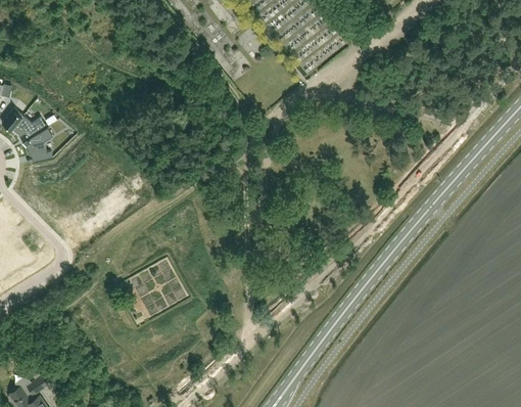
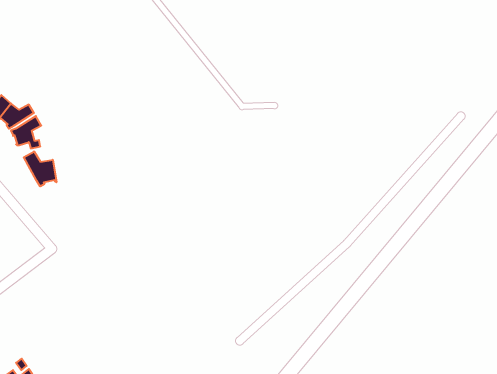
building: none -> [24,151,56,186]

